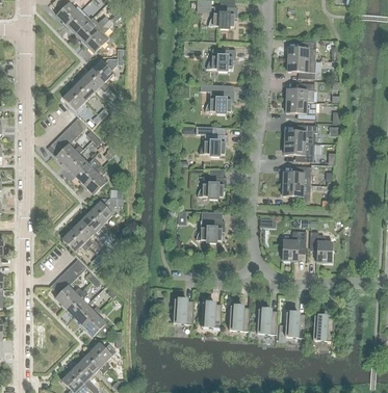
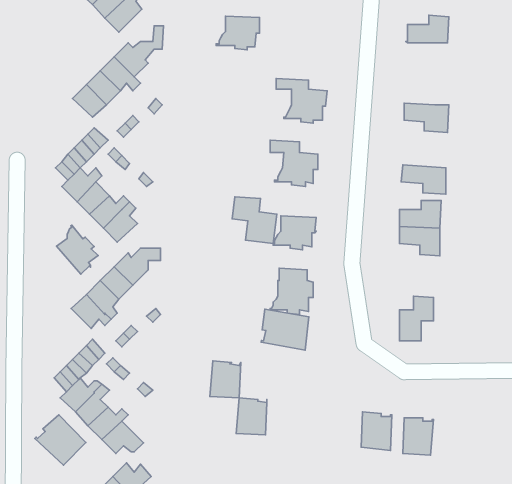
building: [206,48,235,71] -> [216,16,259,50]
building: [287,59,315,78] -> none
building: [286,82,314,101] -> none
building: [285,124,318,143] -> none
building: none -> [232,197,277,244]
building: none -> [57,225,98,274]
building: [310,231,332,262] -> none
building: none -> [261,309,309,350]
building: [201,302,222,326] -> [210,361,241,398]
building: [229,305,250,330] -> none
building: none -> [35,415,86,465]
building: [313,315,334,340] -> none

